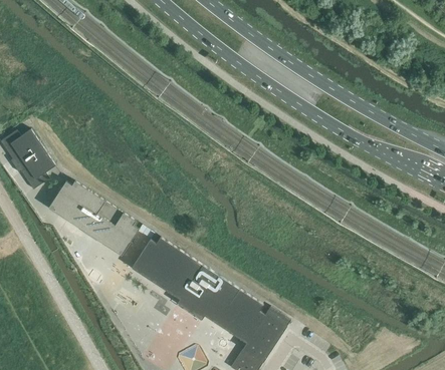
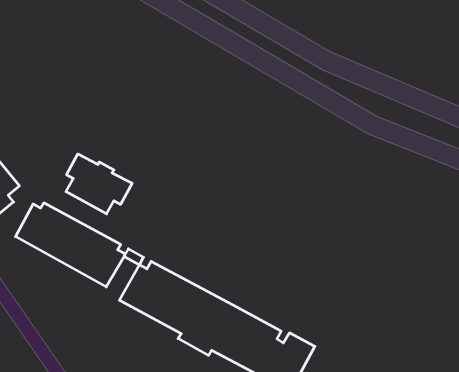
building: none -> [66,154,132,214]

